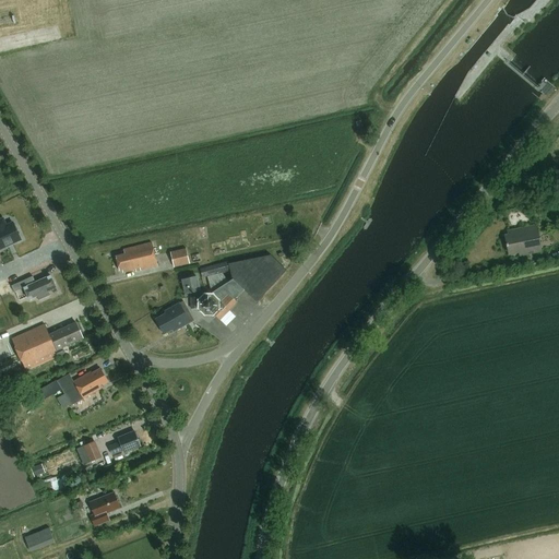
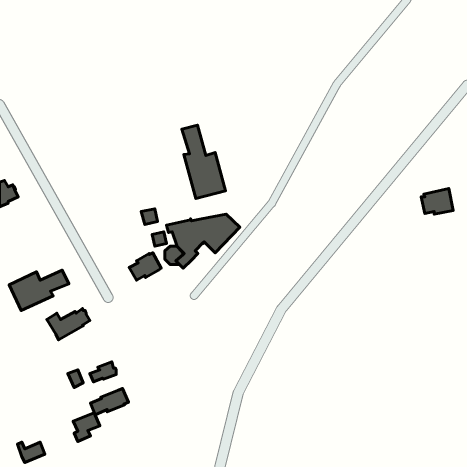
building: none -> [182,125,225,199]
building: [115,242,156,273] -> none
building: [10,275,55,300] -> none
building: none -> [90,389,129,415]

